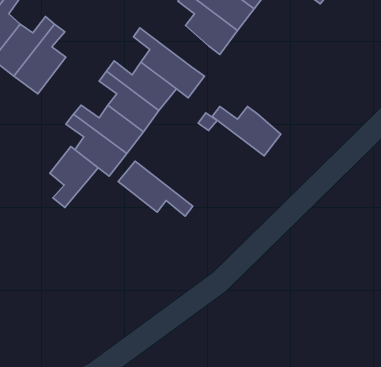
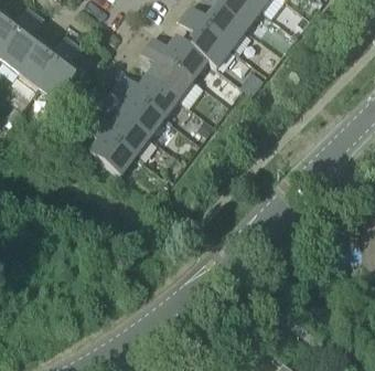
building: [212,106,281,156] -> [147,39,206,82]
building: [50,146,98,207] -> none
building: [118,161,193,216] -> none

